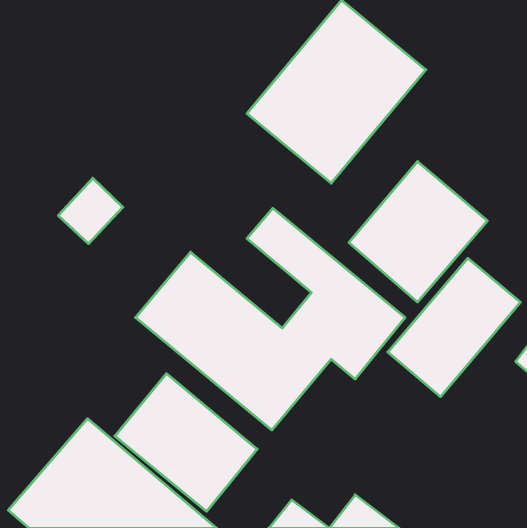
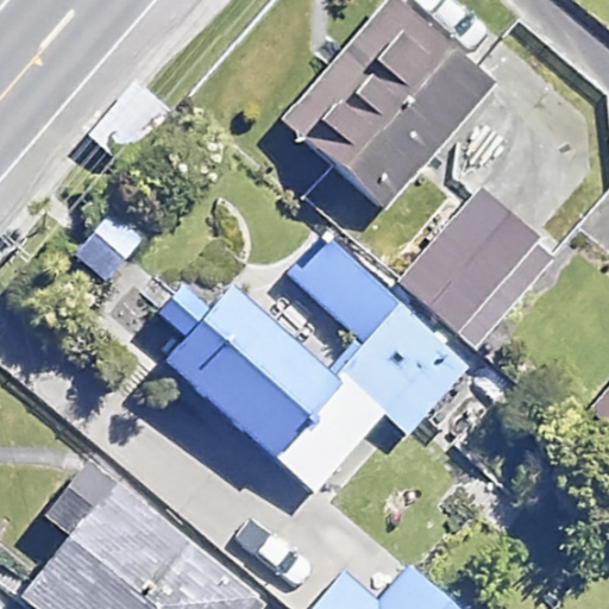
building: [388,258,520,397] -> none
building: [115,374,257,511] -> none

